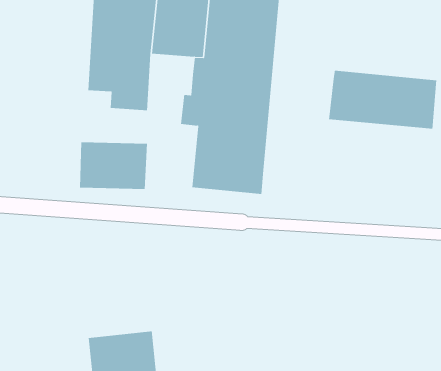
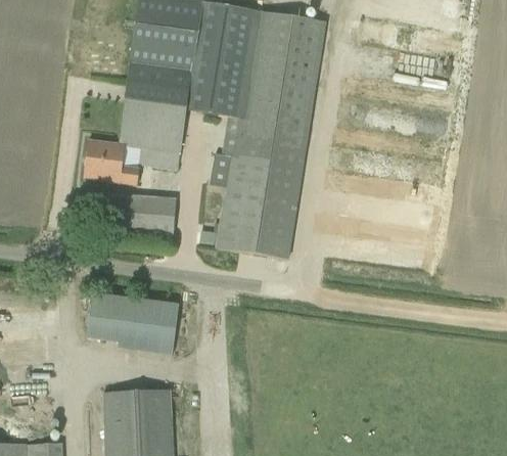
building: [328,70,437,129] -> none
building: none -> [84,139,143,185]
building: none -> [87,292,180,348]

